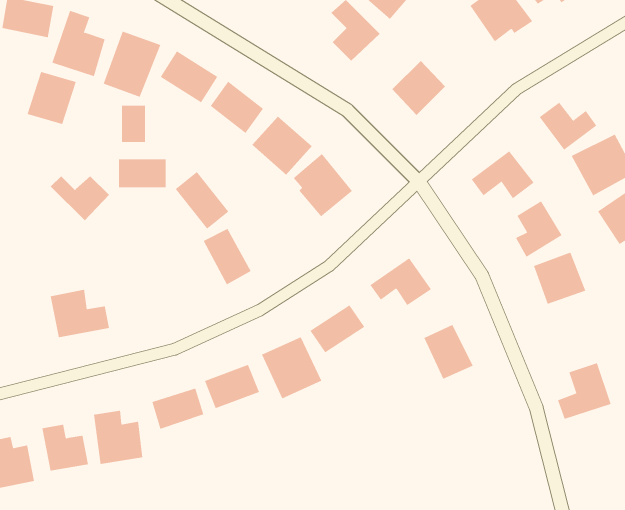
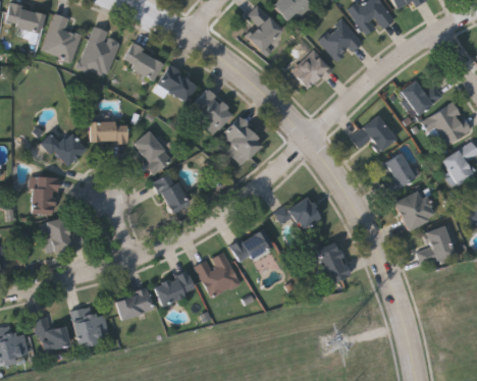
building: none -> [318,18,363,62]
building: [27,71,76,125] -> none
building: [121,105,145,143] -> none
building: none -> [32,176,57,214]
building: [557,363,611,420] -> [416,223,456,265]

